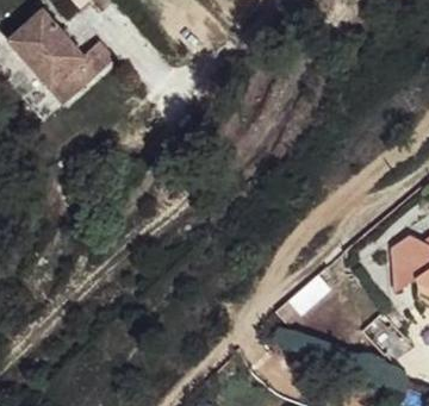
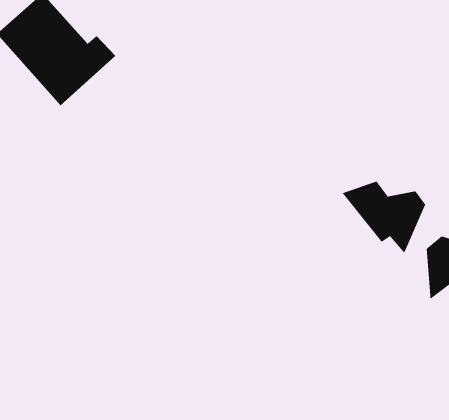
building: none -> [341,181,426,254]

